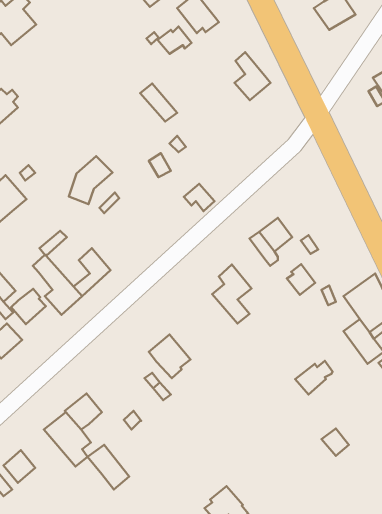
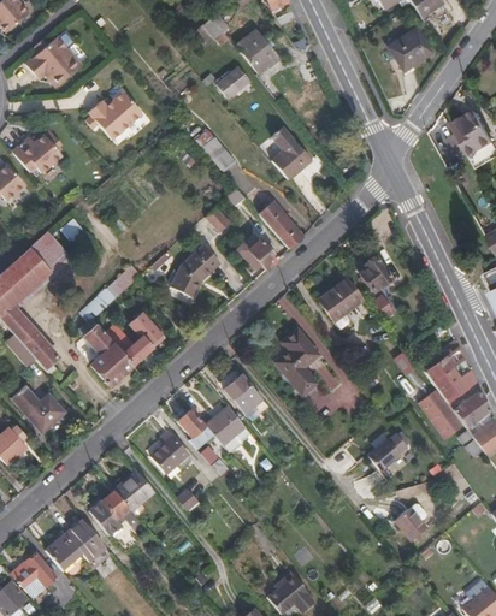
building: none -> [84,90,142,140]
building: [234,52,270,100] -> [271,126,311,179]
building: none -> [259,202,301,248]
building: [69,156,112,204] -> [173,247,222,300]
building: [287,264,315,295] -> [359,256,390,290]
building: [11,289,46,324] -> none
building: none -> [224,374,262,414]
building: none -> [177,409,213,450]
building: none -> [150,431,187,473]
building: [88,445,129,490] -> [64,520,110,569]

